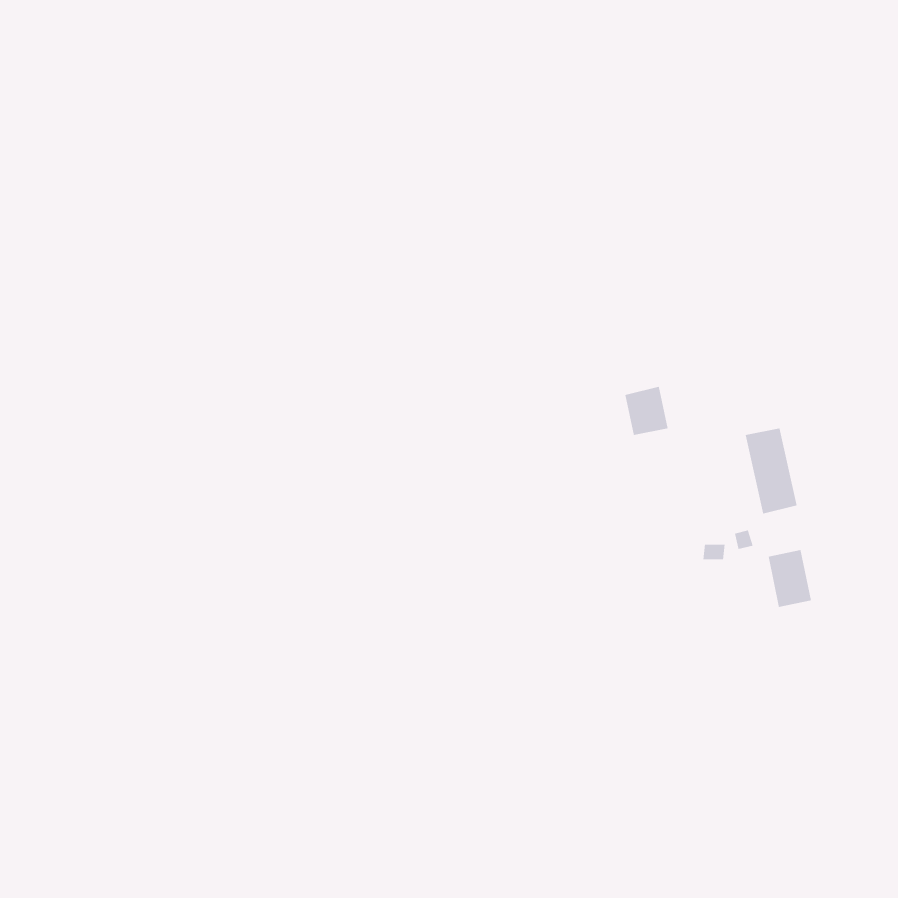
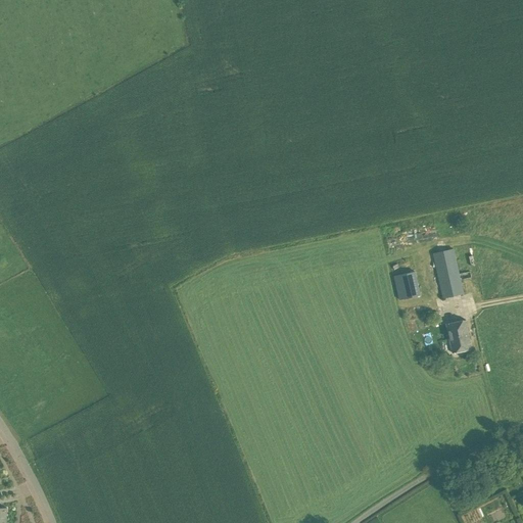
building: [624,386,668,435] -> [393,271,419,299]

